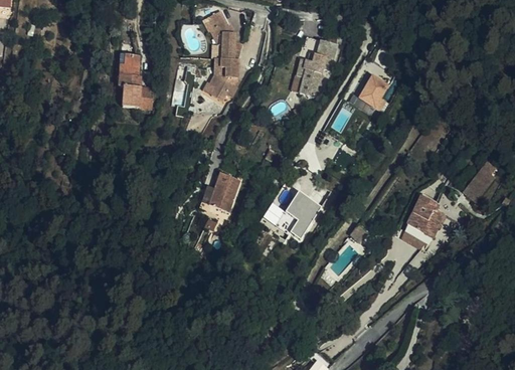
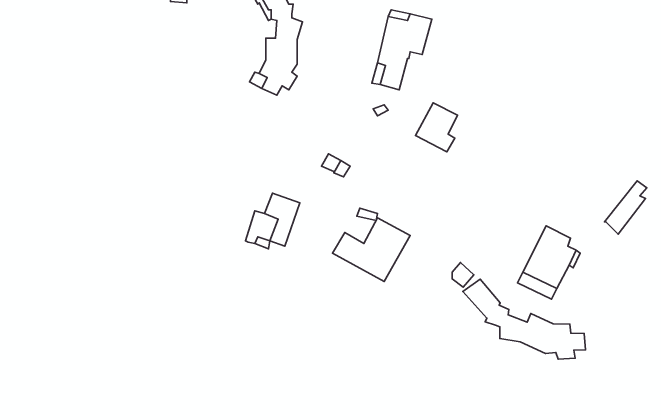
building: [118,54,153,107] -> none
building: [359,73,390,110] -> [415,103,458,152]
building: none -> [463,279,586,359]

